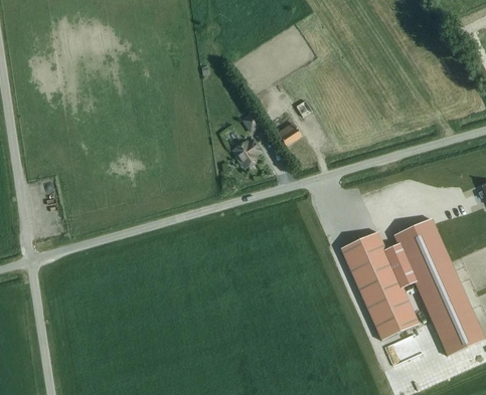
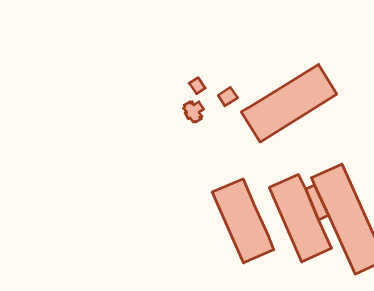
building: none -> [241,64,337,142]
building: none -> [212,179,274,263]

